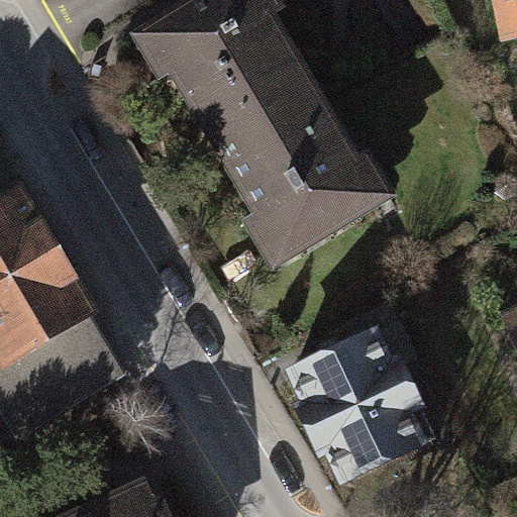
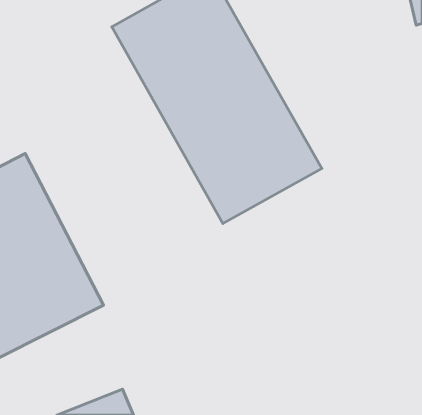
building: [291,322,429,475] -> none

